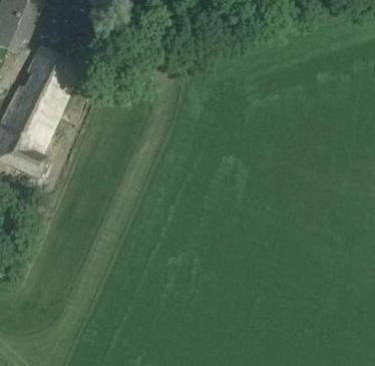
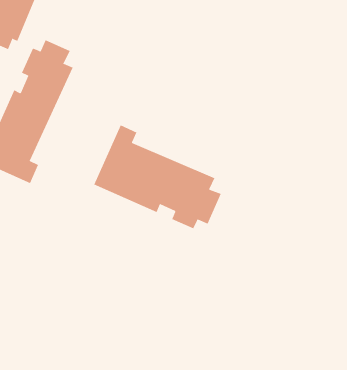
building: none -> [94,125,221,229]

